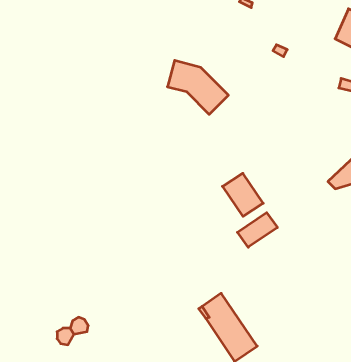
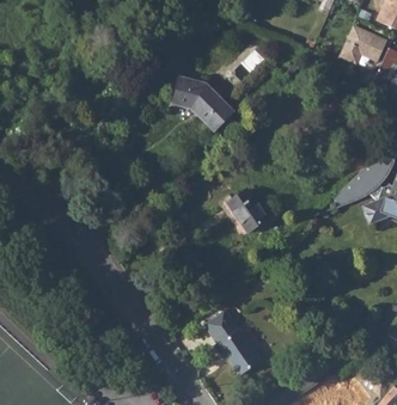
building: [237,213,277,247] -> none

